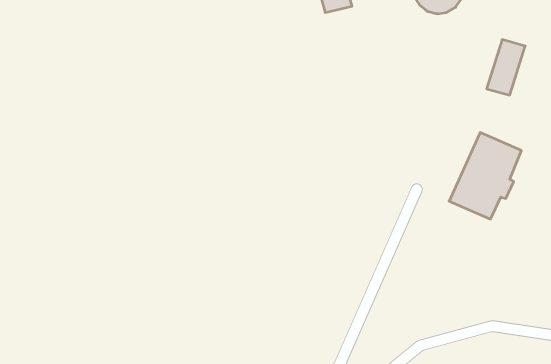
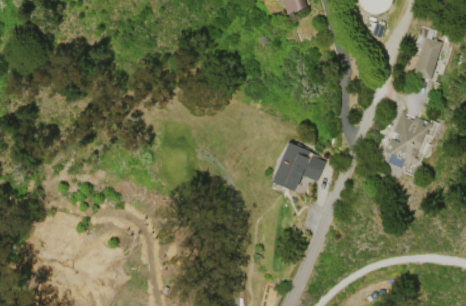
building: none -> [269,141,326,192]

